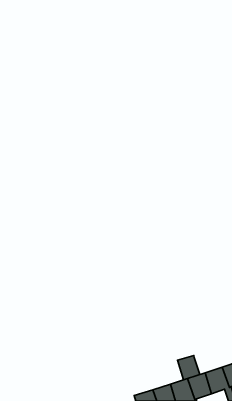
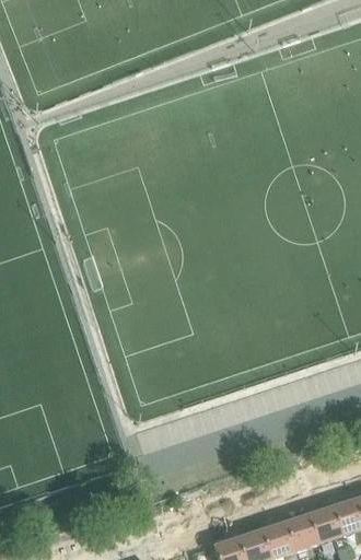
building: [177,355,200,380] -> none

